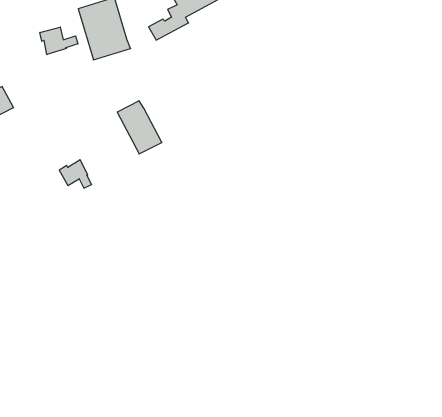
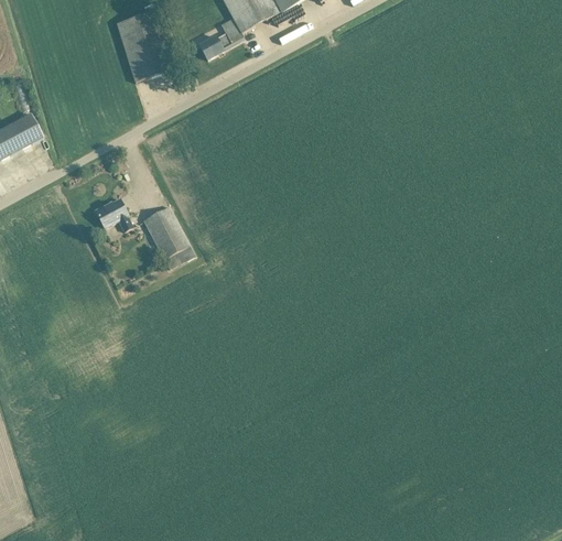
building: [40,27,78,55] -> none
building: [117,101,162,154] -> [143,206,195,268]

